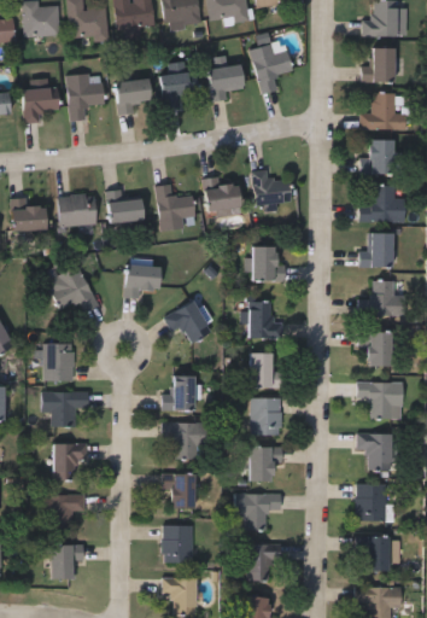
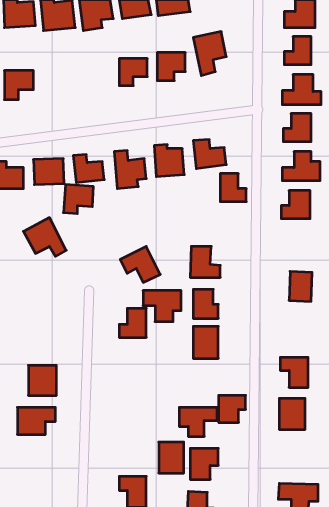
building: [68,74,104,121] -> none
building: [116,78,151,115] -> none
building: [255,246,286,280] -> [220,174,246,202]
building: [124,263,160,298] -> [63,185,93,214]
building: [362,280,405,315] -> none
building: [43,343,74,381] -> none
building: [356,381,404,420] -> none
building: [42,392,89,427] -> none
building: [160,422,206,460] -> [143,291,181,322]
building: [250,448,282,480] -> [219,395,246,422]
building: [163,474,195,509] -> none
building: [163,525,193,562] -> [159,442,184,473]
building: [364,537,390,571] -> none
building: [52,544,84,578] -> none

